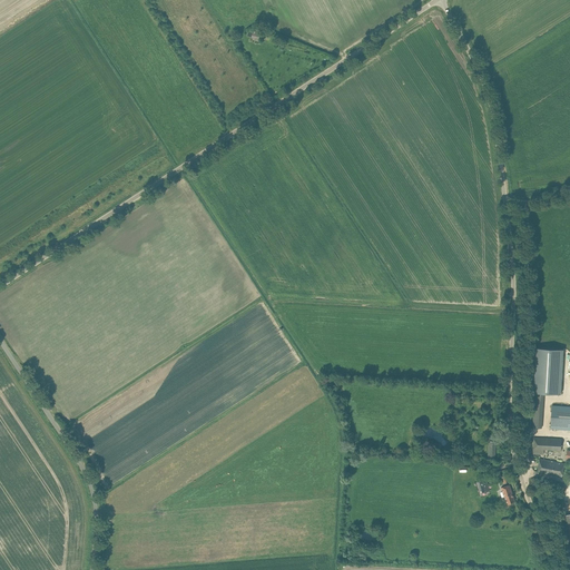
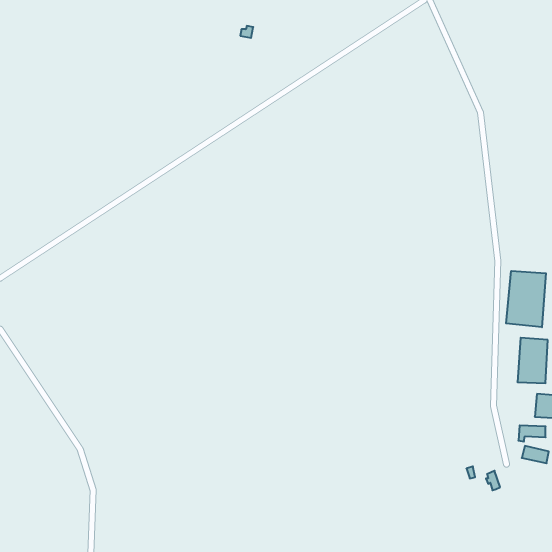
building: none -> [506,271,546,327]

